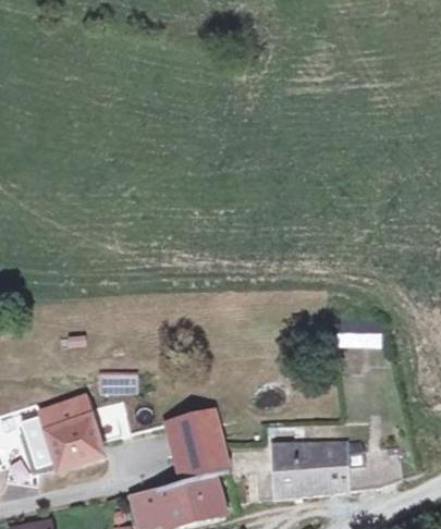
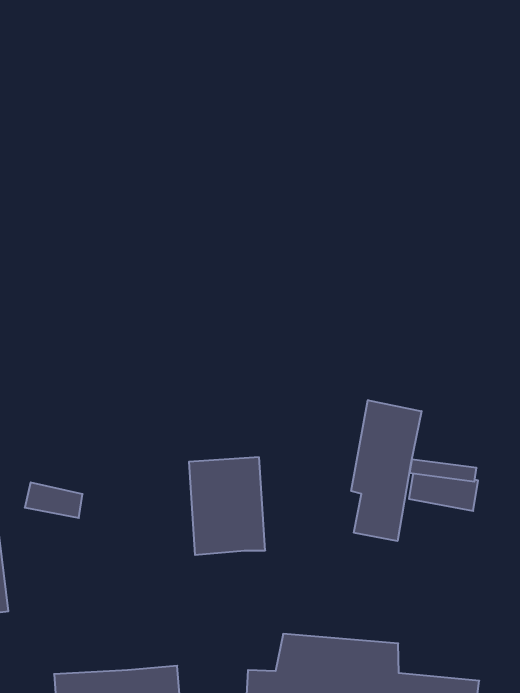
building: none -> [351,400,422,541]
building: [168,414,224,481] -> [189,457,265,555]

